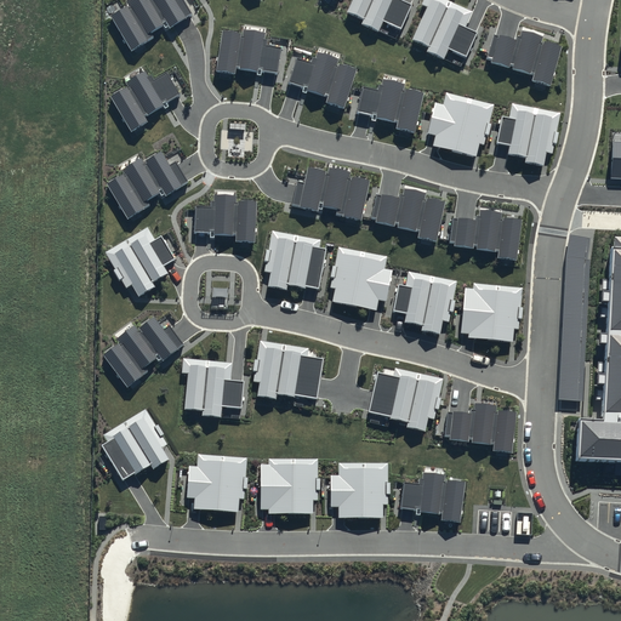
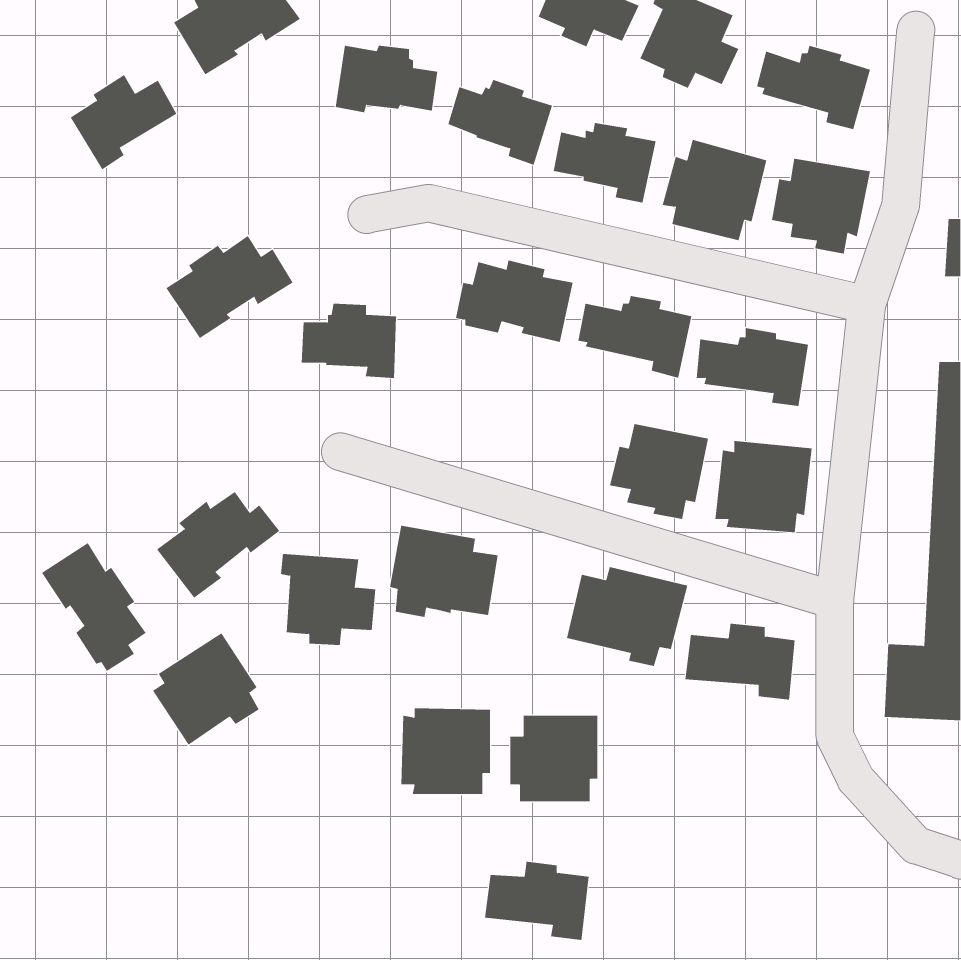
building: [110,68,180,130] -> [70,74,177,170]
building: [106,228,176,297] -> none
building: [264,232,325,291] -> none
building: [330,247,393,310] -> none
building: none -> [41,542,146,672]
building: [186,452,245,511] -> none
building: [395,471,463,522] -> [484,861,590,940]

